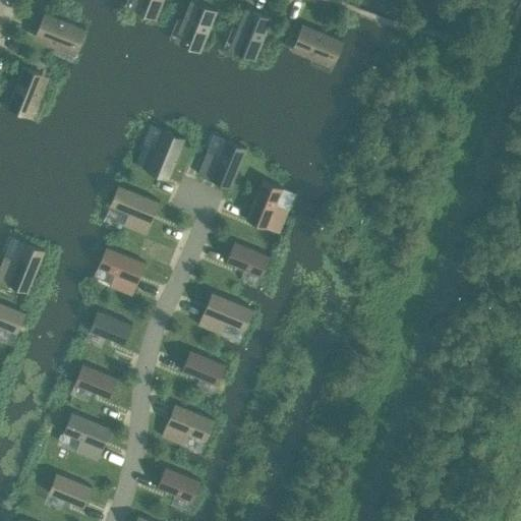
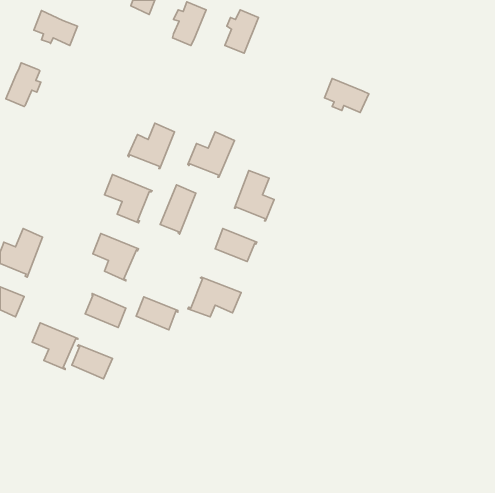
building: [293,24,340,60] -> [324,78,369,112]
building: none -> [160,185,196,234]
building: [181,351,225,386] -> [136,297,178,330]
building: [161,404,214,447] -> none
building: [63,413,111,462] -> [32,323,78,369]
building: [157,467,200,503] -> none
building: [49,473,92,509] -> none

